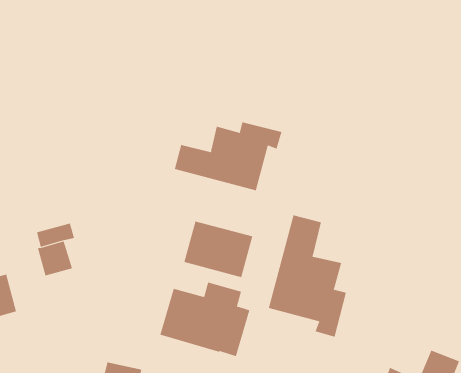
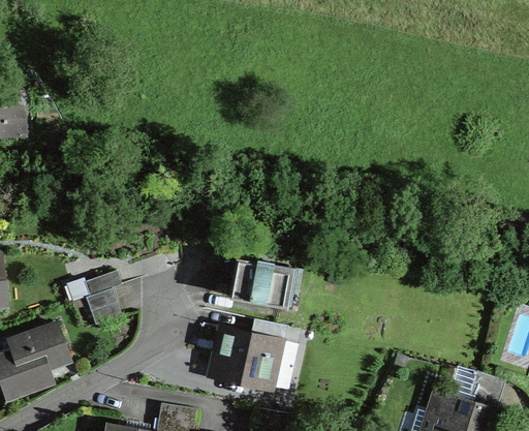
building: [174,121,282,191] -> none
building: [268,214,347,338] -> none

